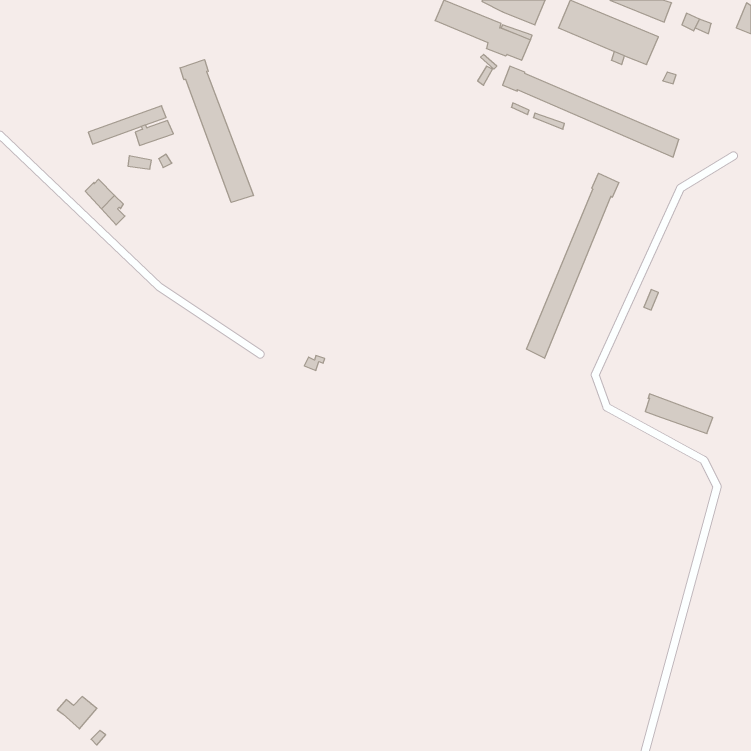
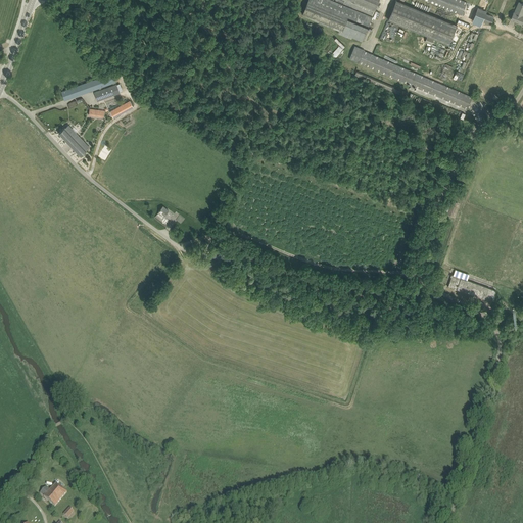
building: [180,60,253,202] -> none
building: [527,173,619,358] -> none

